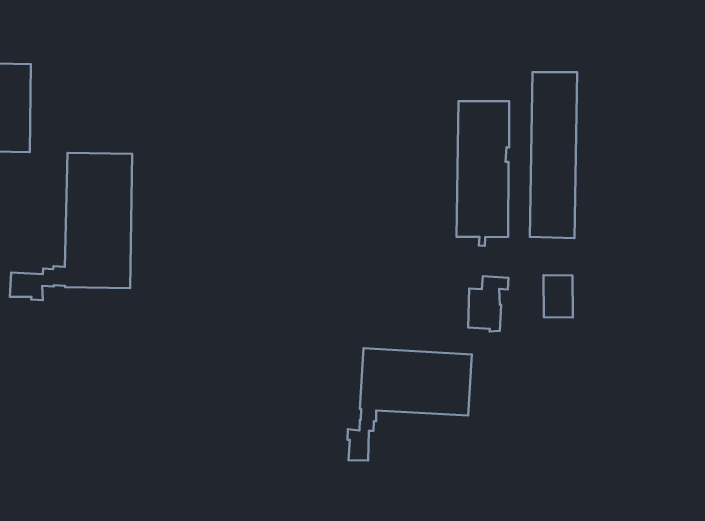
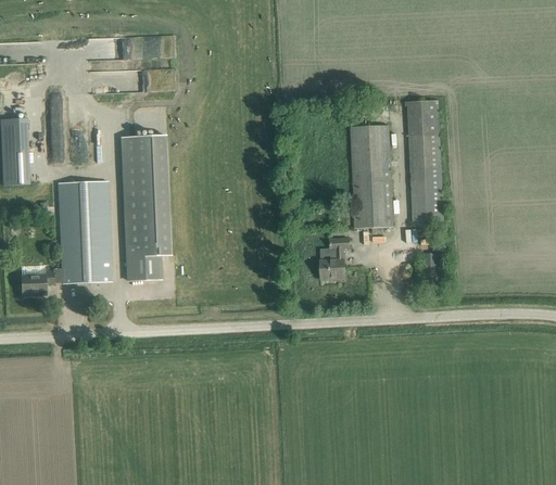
building: none -> [119,133,172,281]
building: [468,276,509,332] -> [319,238,349,279]
building: [348,348,472,460] -> none

